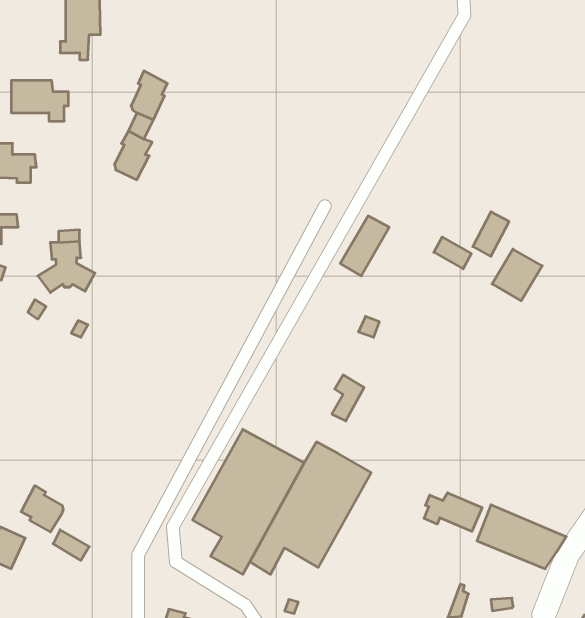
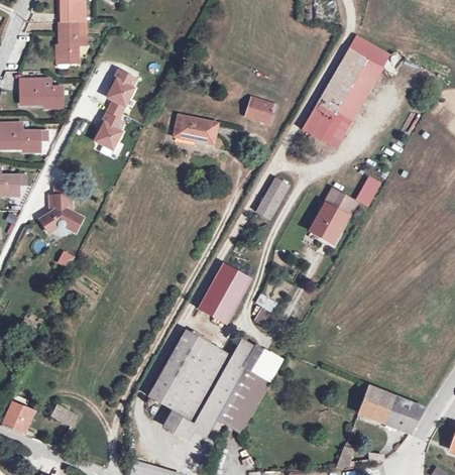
building: none -> [309,37,391,140]
building: none -> [243,97,273,122]
building: none -> [172,116,215,144]
building: [492,249,542,301] -> [311,203,347,240]
building: none -> [198,263,251,324]
building: [21,486,63,532] -> none
building: [424,493,482,531] -> none

